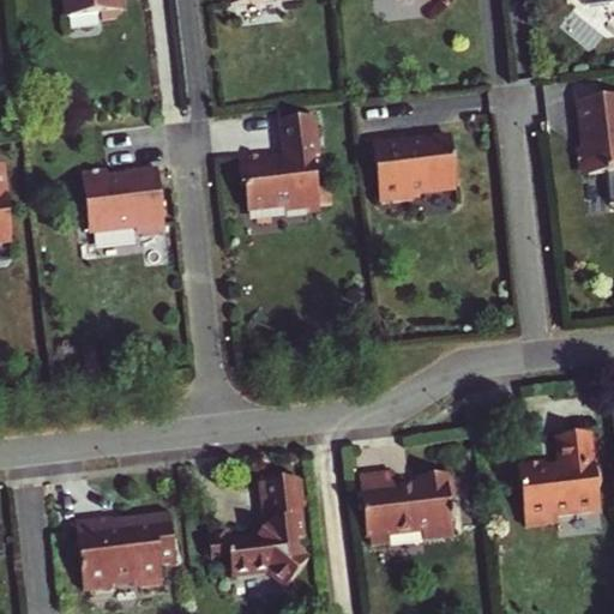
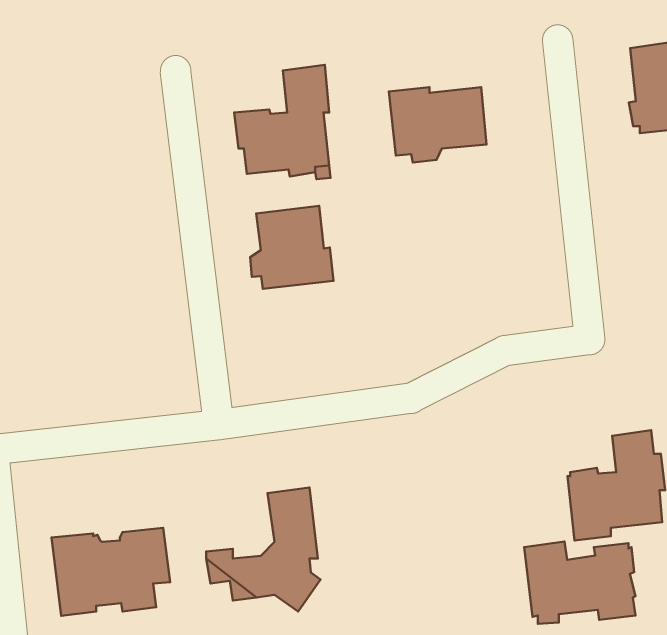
building: [77,165,158,231] -> none
building: none -> [250,206,334,289]
building: [361,471,457,542] -> [524,542,636,624]

